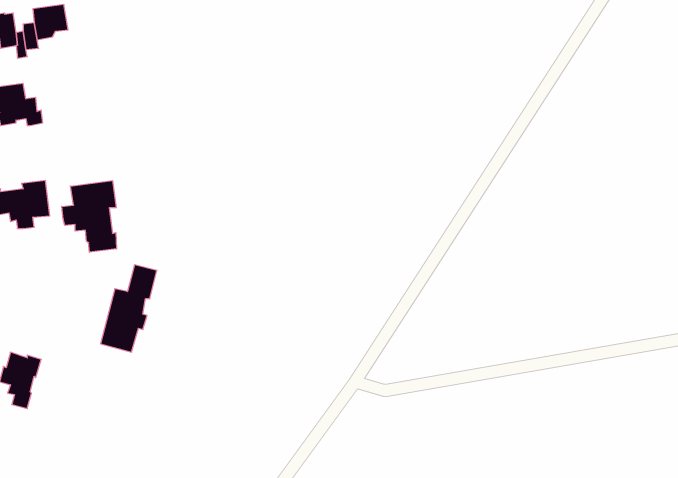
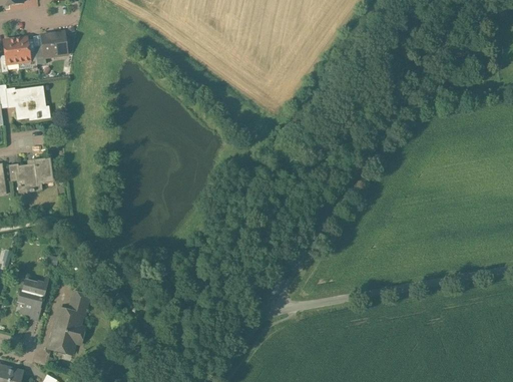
building: [62,181,117,252] -> none
building: [101,265,157,352] -> [49,291,89,353]

